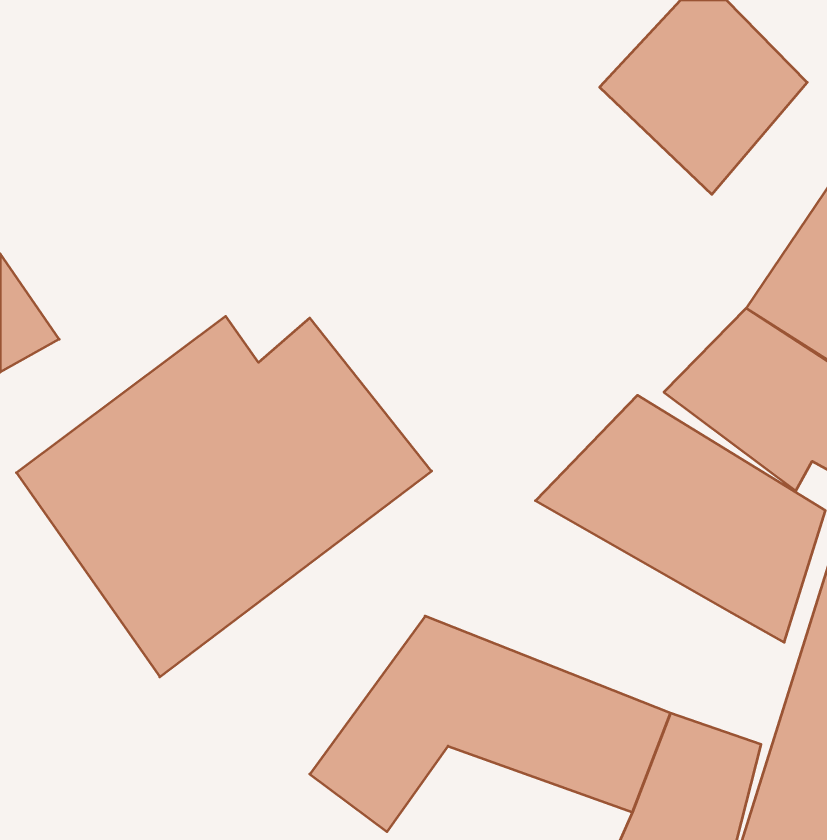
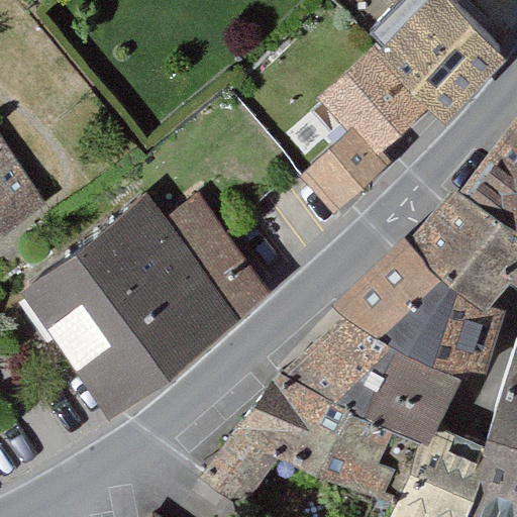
building: none -> [304,61,433,212]
building: none -> [270,320,457,438]

